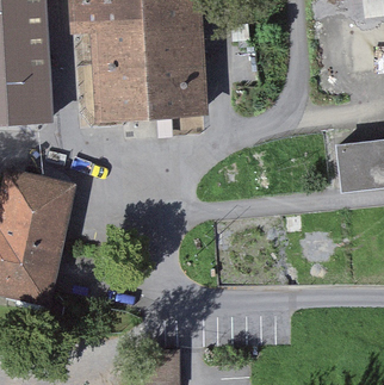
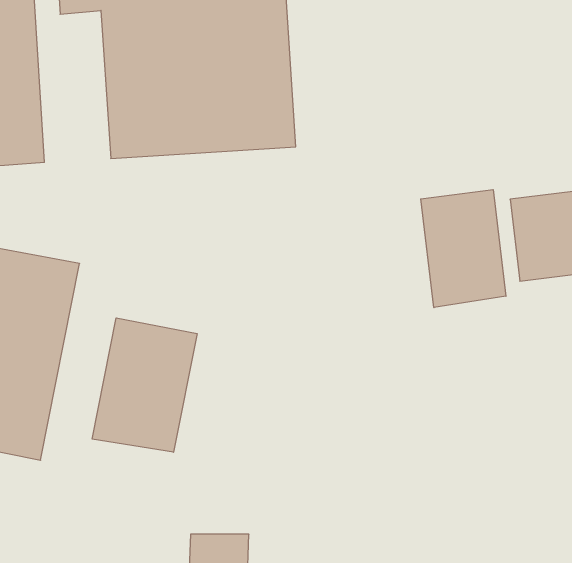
building: none -> [421,190,506,308]
building: none -> [92,318,197,452]

